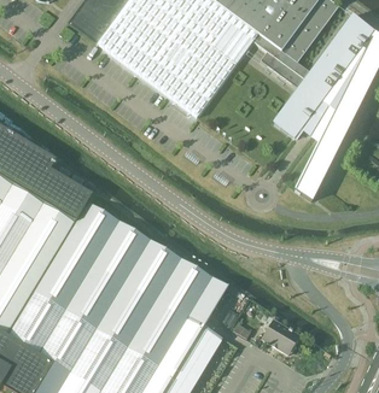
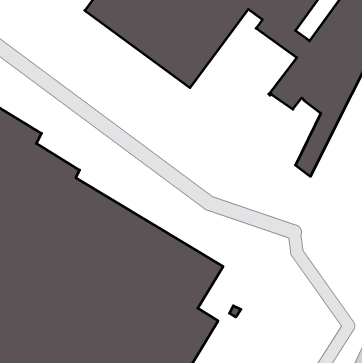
building: [263,317,301,353] -> none

